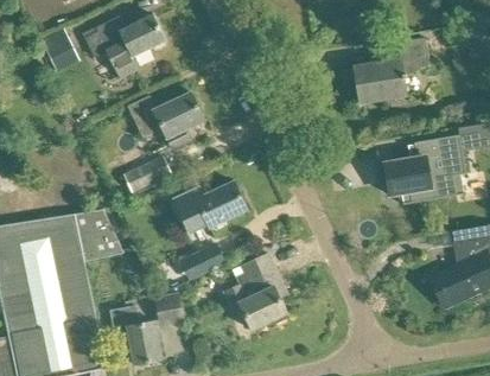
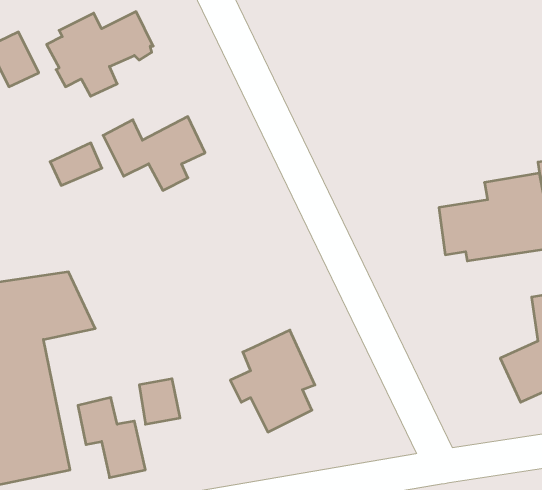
building: [352,34,429,100] -> none
building: [131,155,170,187] -> [50,143,102,185]
building: [172,181,246,234] -> none
building: [180,244,227,282] -> none

